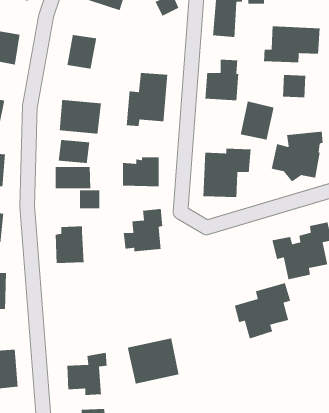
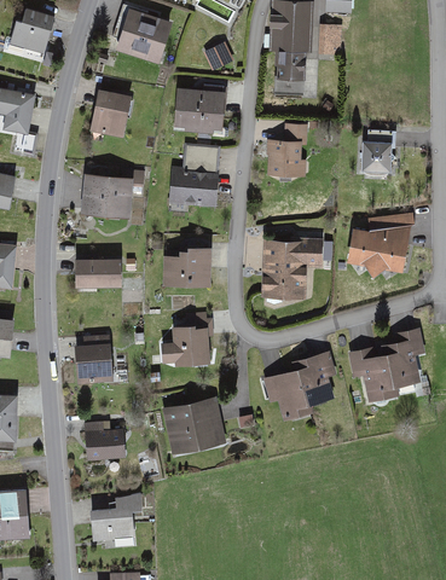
building: [263,26,320,63] -> none
building: none -> [172,86,225,130]
building: [240,101,275,141] -> none
building: [58,139,90,164] -> none
building: [79,189,100,209] -> none
building: [234,282,291,340] -> [265,350,337,423]
building: none -> [83,419,123,460]
building: [127,338,179,384] -> [161,396,227,456]

